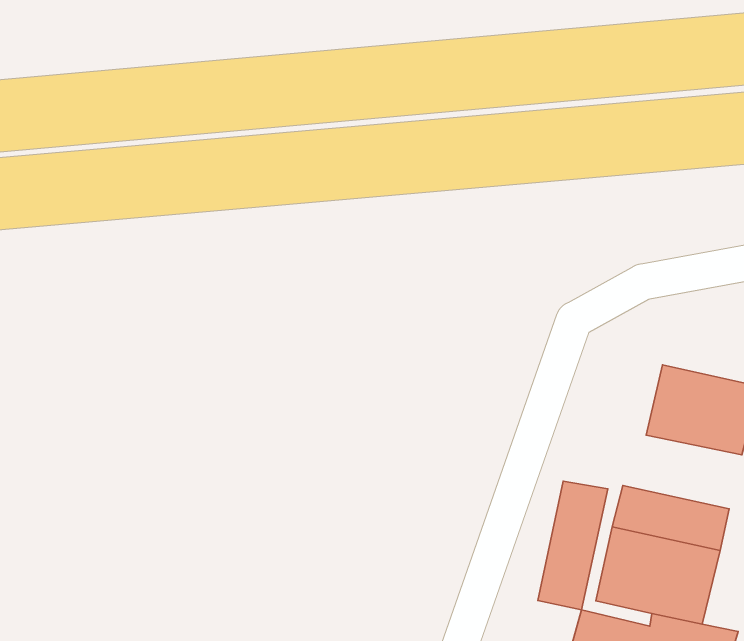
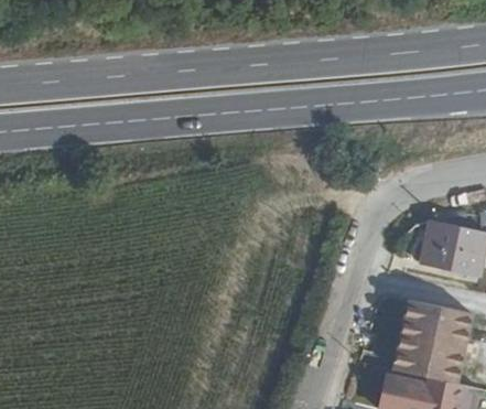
building: [538,481,608,610] -> none

